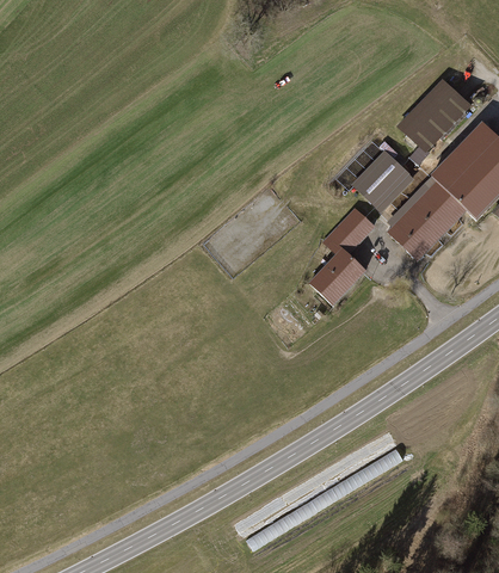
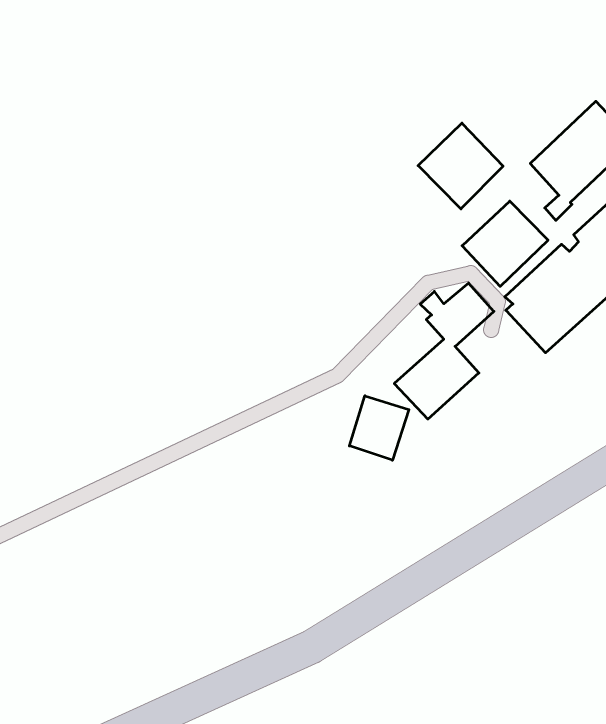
building: none -> [418,123,503,209]
building: none -> [349,396,409,460]

